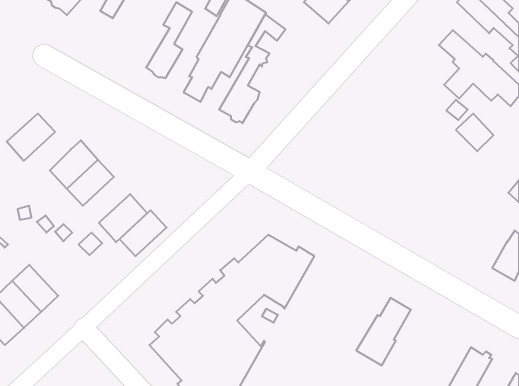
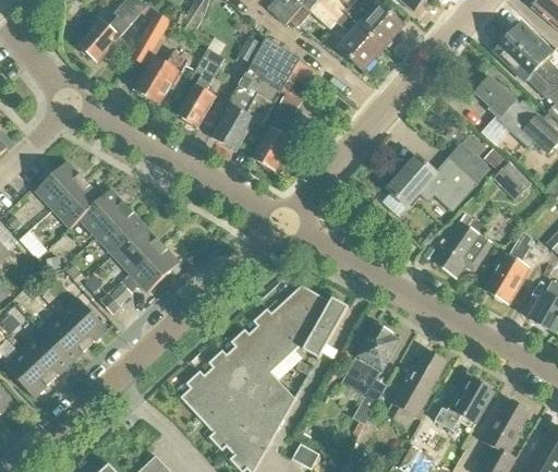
building: none -> [134,51,189,104]
building: none -> [387,143,490,210]
building: none -> [53,180,101,228]
building: none -> [435,219,493,277]
building: none -> [485,231,532,302]
building: [119,210,167,256] -> [113,226,161,273]
building: none -> [59,296,108,347]
building: none -> [342,324,399,420]
building: none -> [436,378,495,429]

